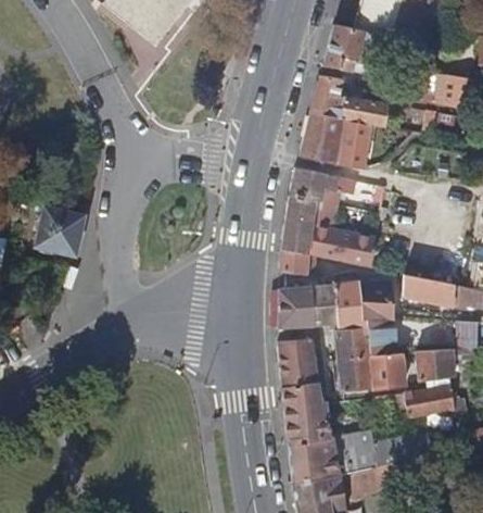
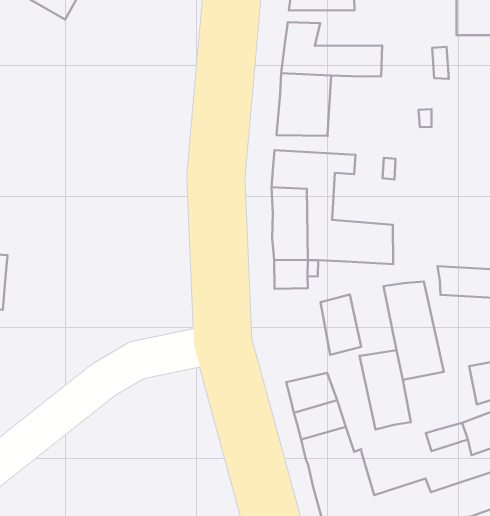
building: [336,120,368,167] -> none
building: [334,283,363,331] -> none
building: [277,287,313,329] -> none
building: [364,352,402,387] -> none

